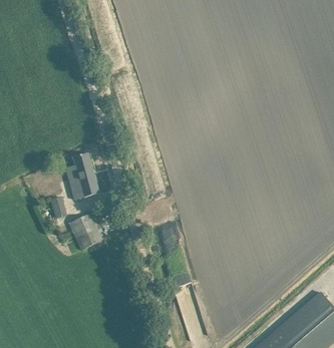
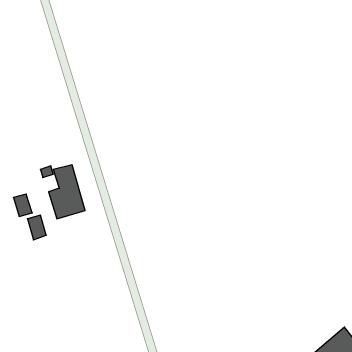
building: [68,213,102,250] -> none

